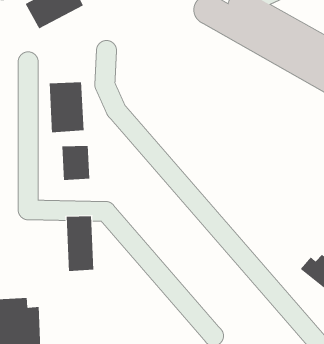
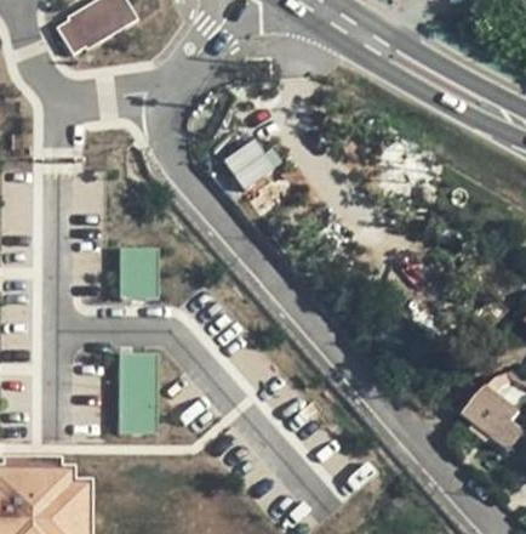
building: none -> [225,136,281,192]
building: [49,82,84,133] -> none

